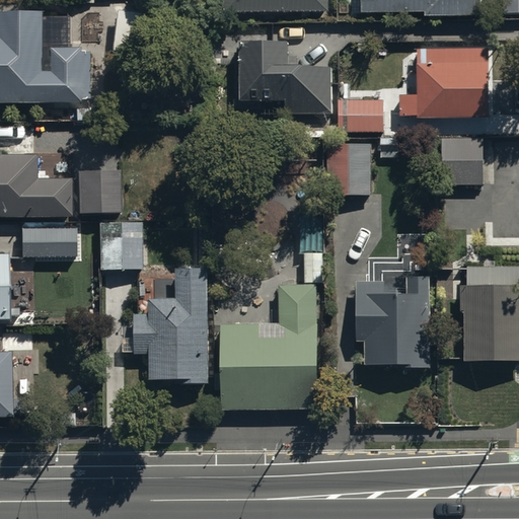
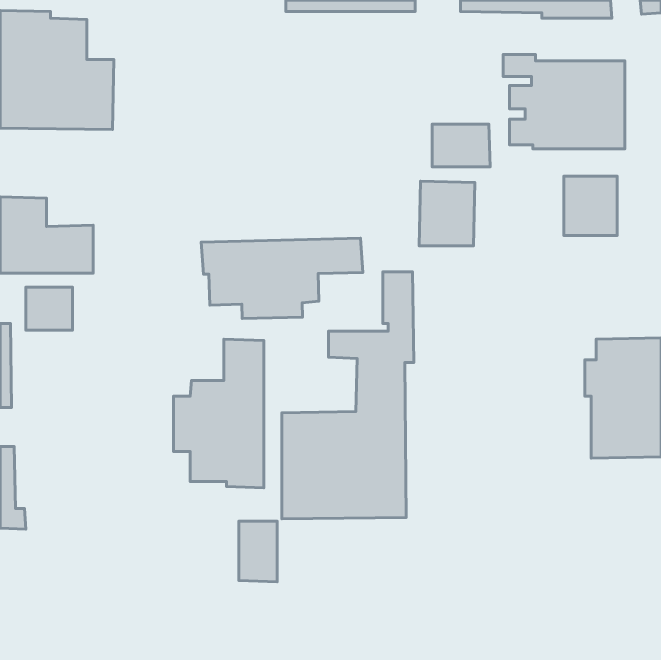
building: [240,42,330,115] -> none
building: [78,170,121,215] -> none
building: none -> [201,238,363,319]
building: [103,229,143,269] -> none
building: [357,275,431,367] -> none
building: none -> [239,521,277,582]

